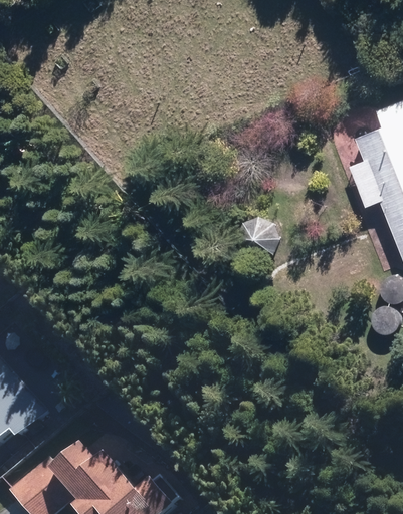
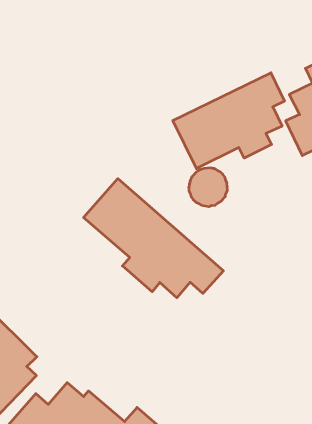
building: none -> [173,73,284,169]
building: none -> [84,179,223,298]

